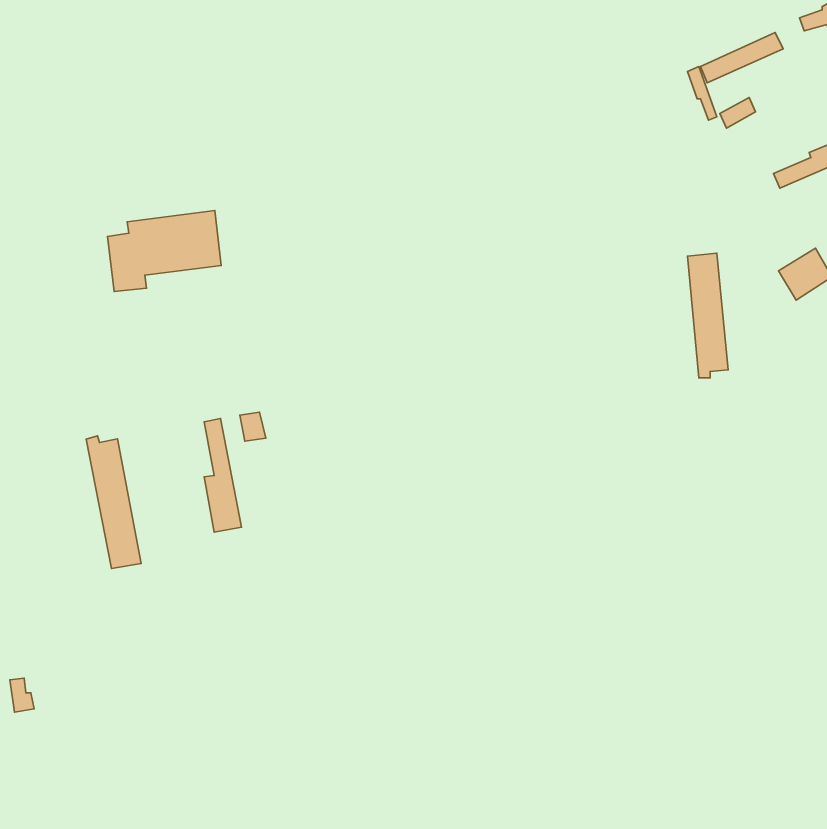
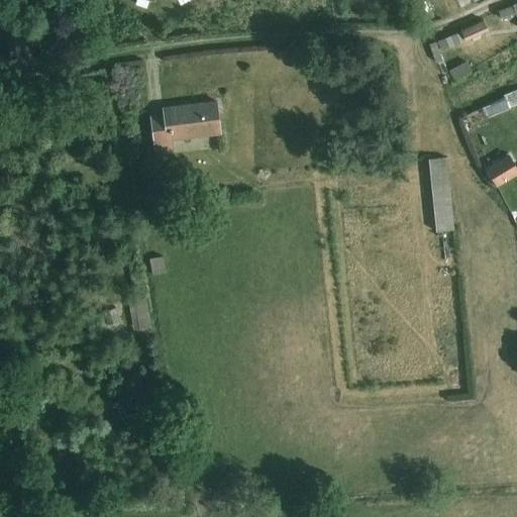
building: [108,210,221,292] -> [150,100,221,150]
building: [86,436,141,569] -> none

